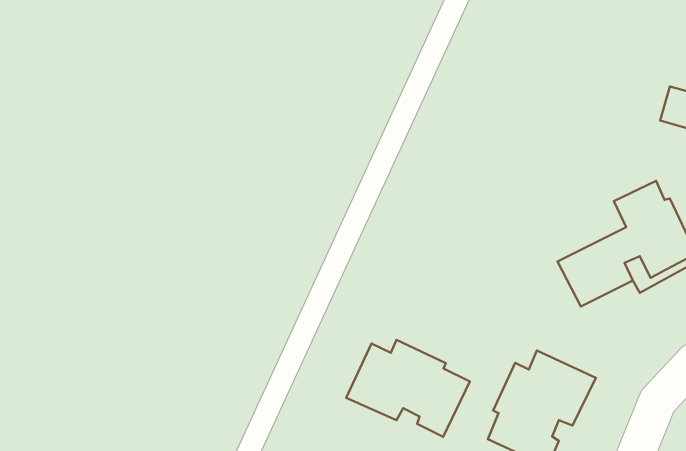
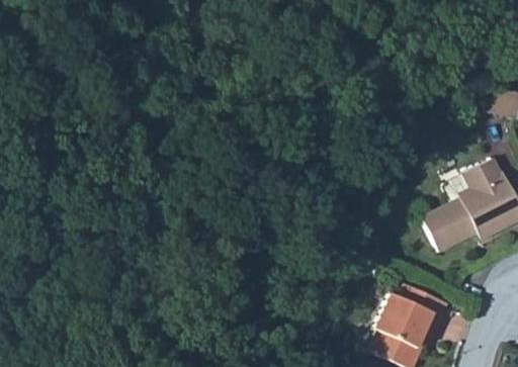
building: [346,340,470,437] -> none

